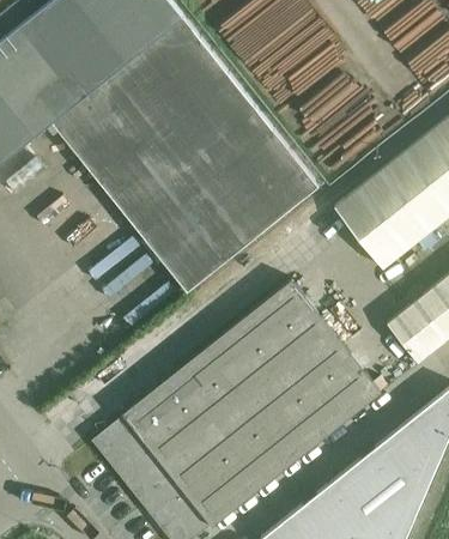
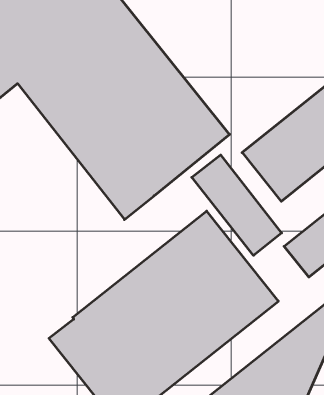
building: none -> [192,155,282,255]

